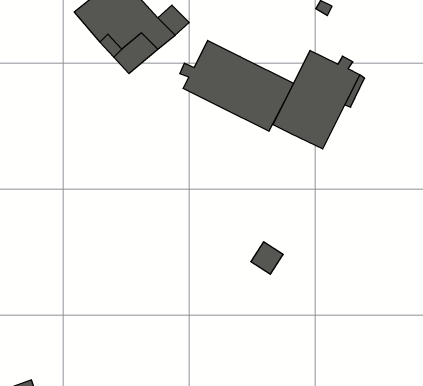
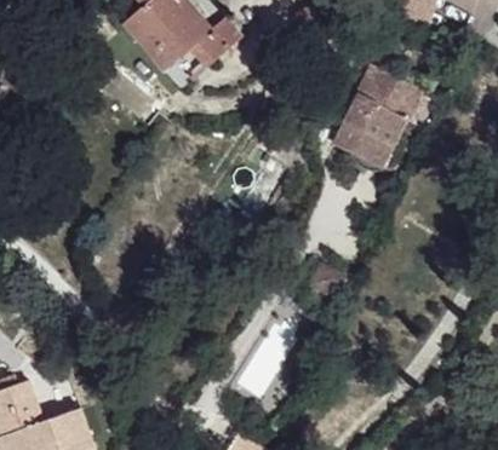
building: [180,40,294,131] -> none

